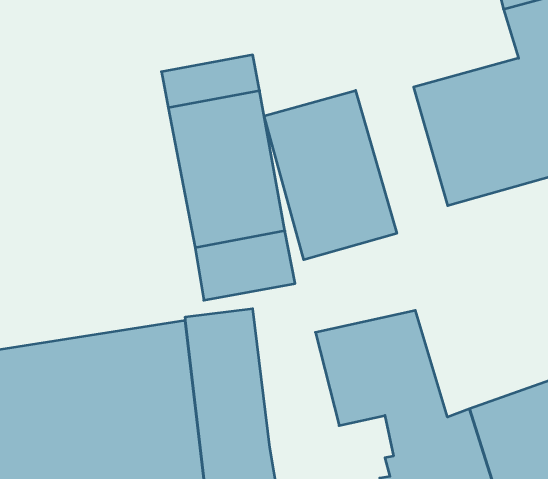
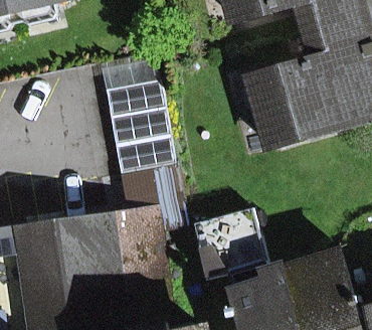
building: [264,90,397,260] -> none

